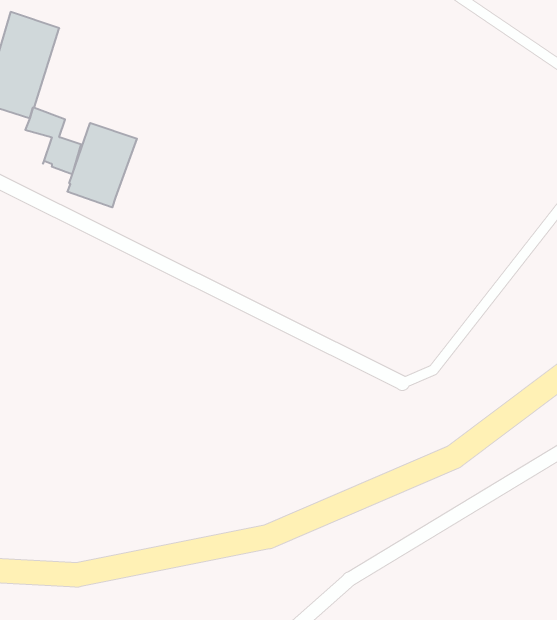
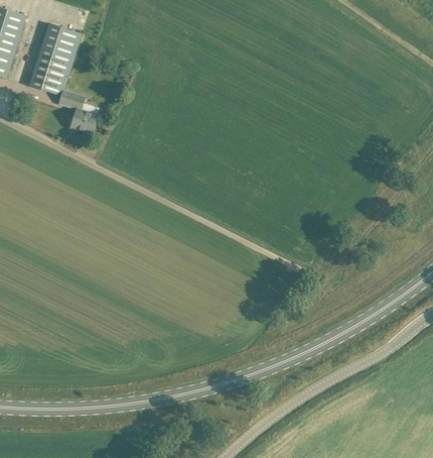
building: [67,123,137,207] -> none

